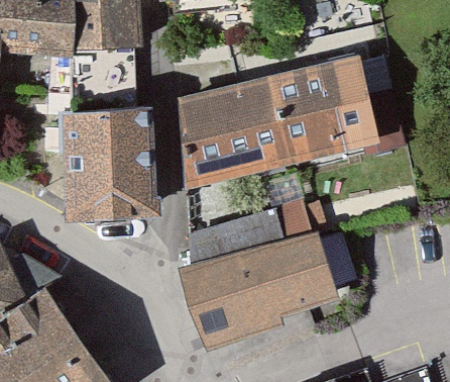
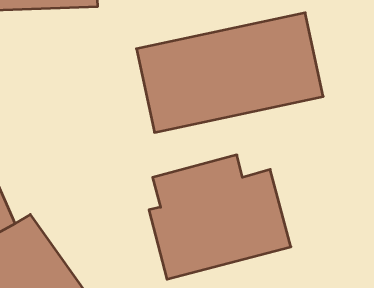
building: [59,107,147,218] -> none

